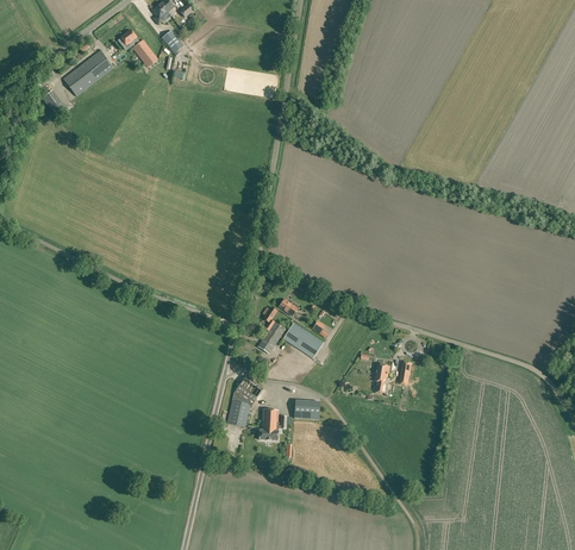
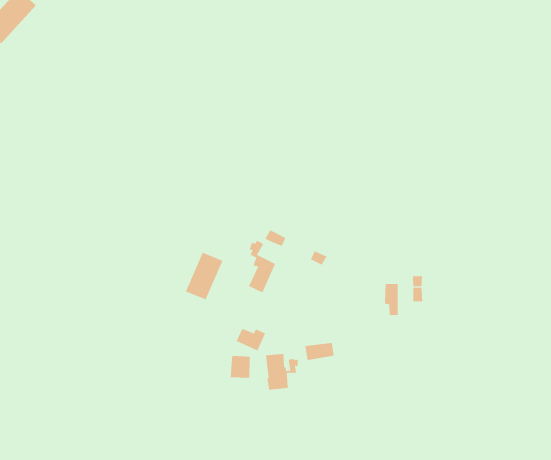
building: none -> [185,252,223,300]
building: [283,321,324,356] -> none

